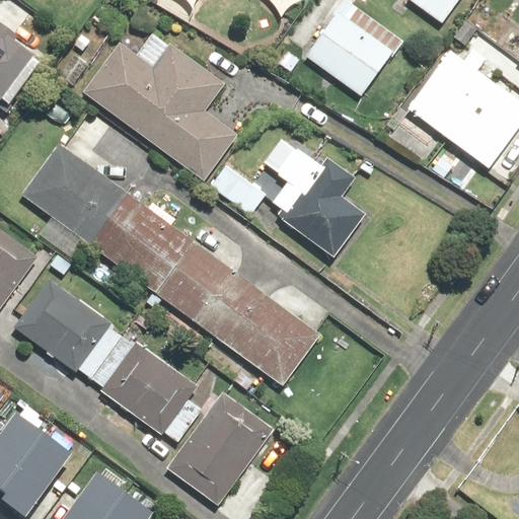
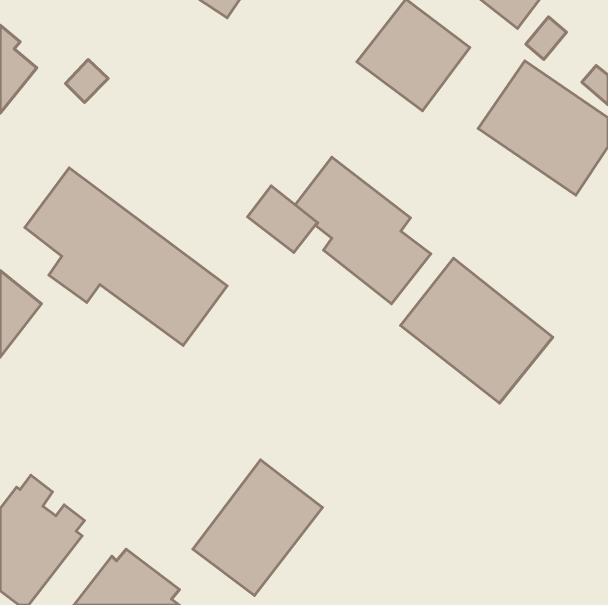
building: [84,42,241,184] -> none
building: none -> [401,258,553,403]
building: [156,243,319,386] -> none
building: [12,276,112,373] -> none
building: [98,342,197,436] -> none

